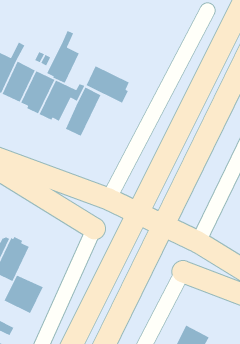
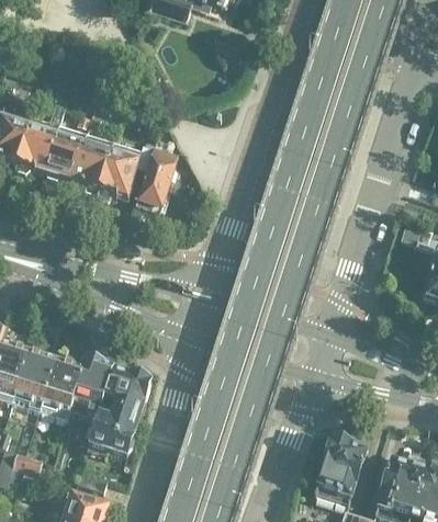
building: [46,30,80,84] -> none
building: [85,65,130,104] -> none
building: none -> [99,365,149,417]

